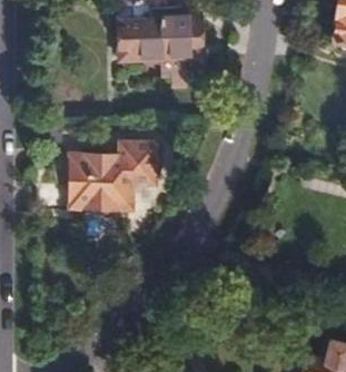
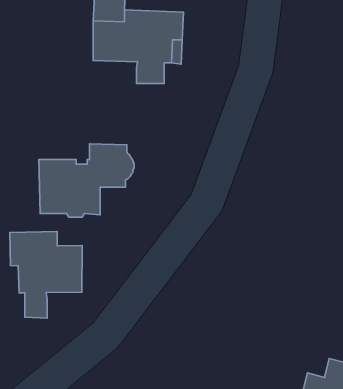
building: none -> [10,232,82,318]

